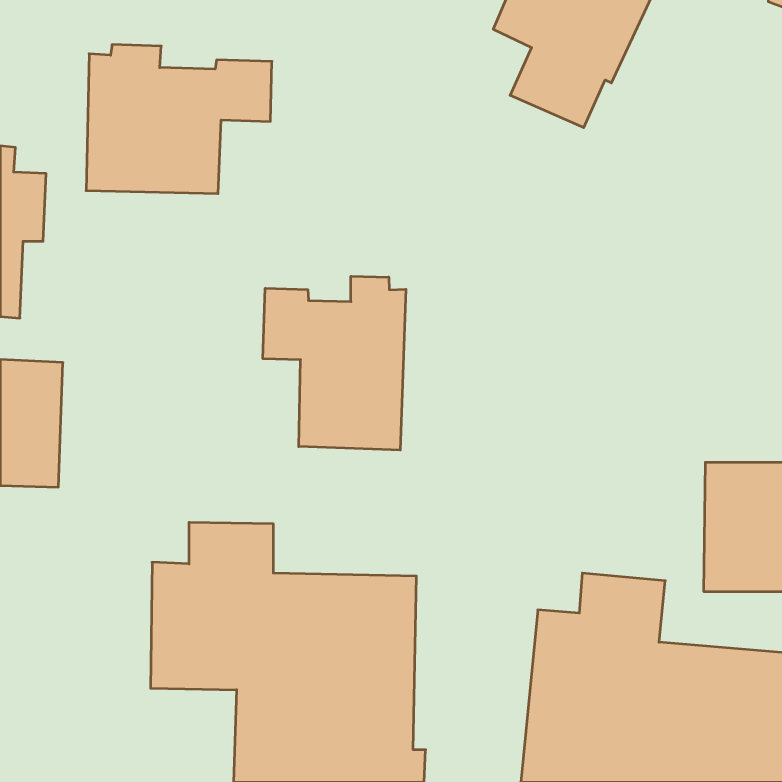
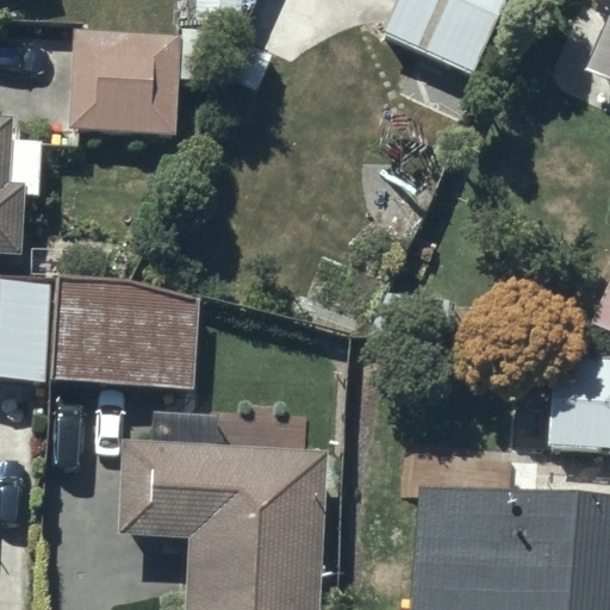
building: [263,276,406,450] -> none
building: none -> [55,282,200,390]

